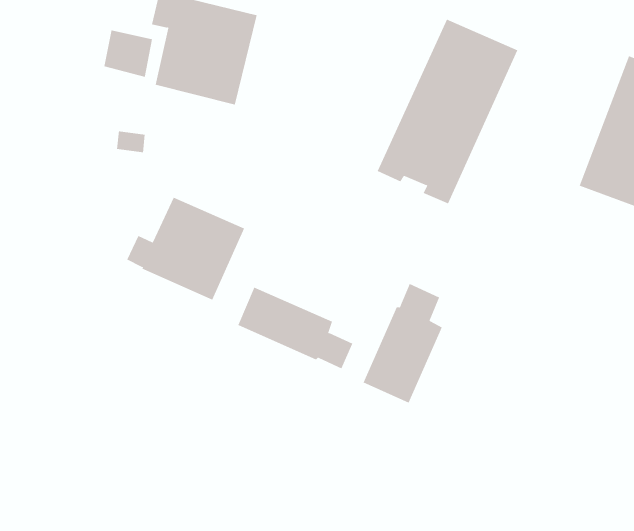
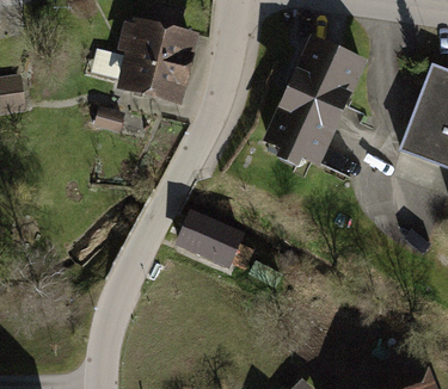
building: [127,197,245,300] -> none
building: [363,283,442,403] -> none

